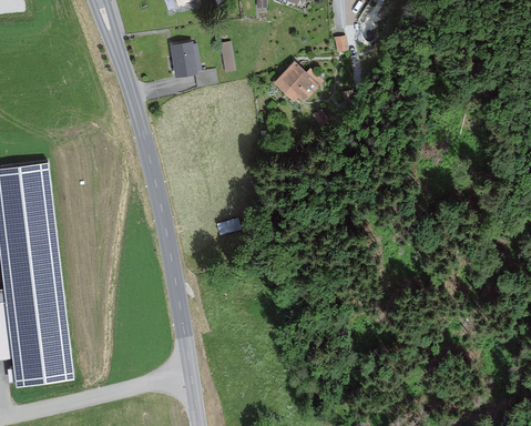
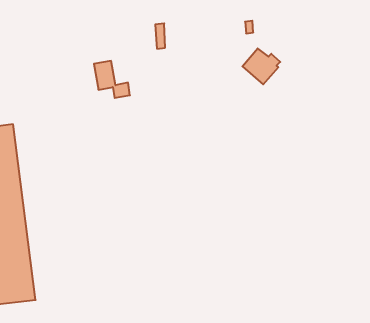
building: [171,41,215,87] -> [94,61,130,98]
building: [273,61,319,105] -> [242,48,280,84]

